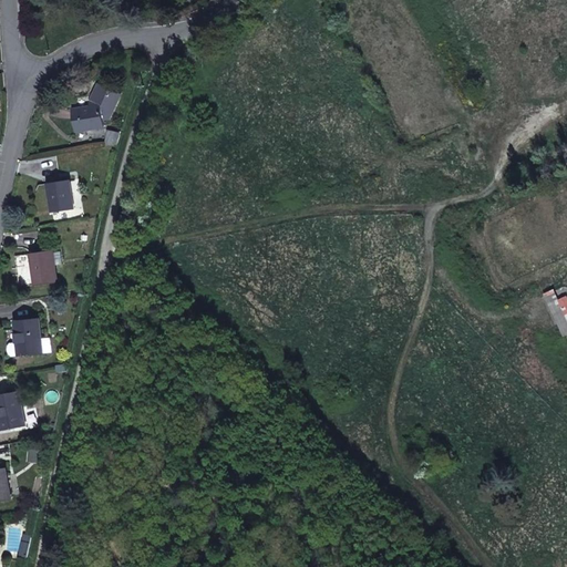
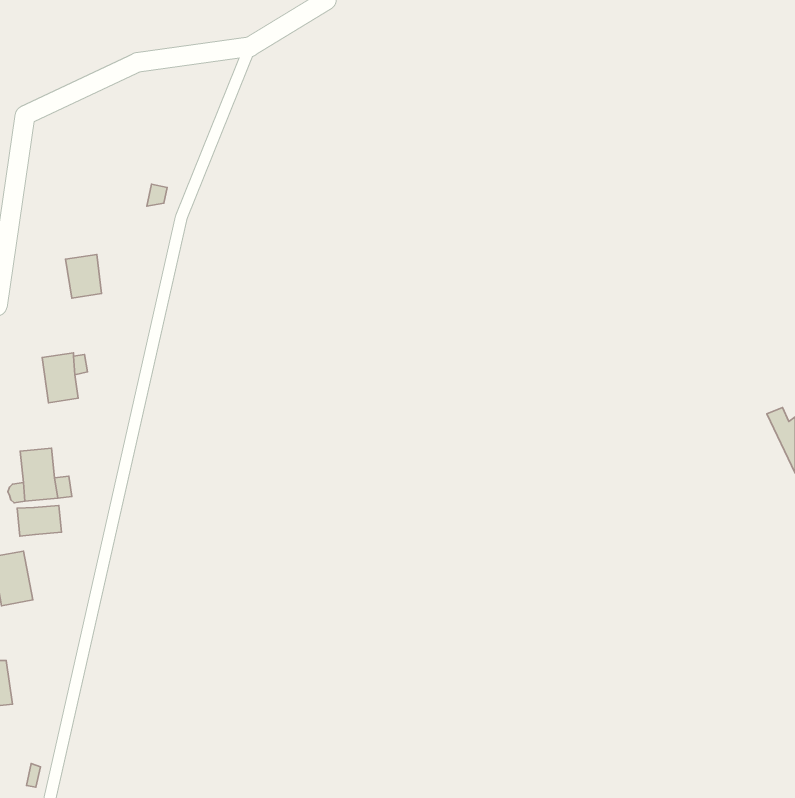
building: [72,83,120,132] -> none
building: none -> [17,505,61,536]

